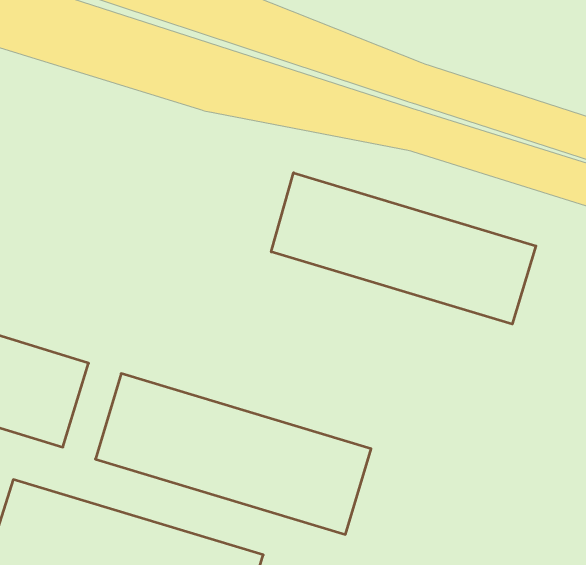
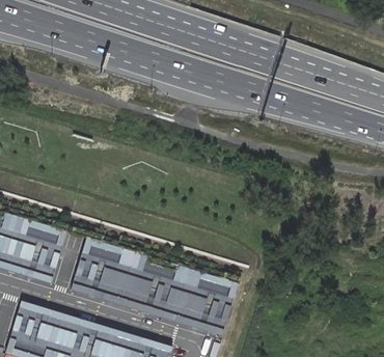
building: [271,173,536,324] -> none

